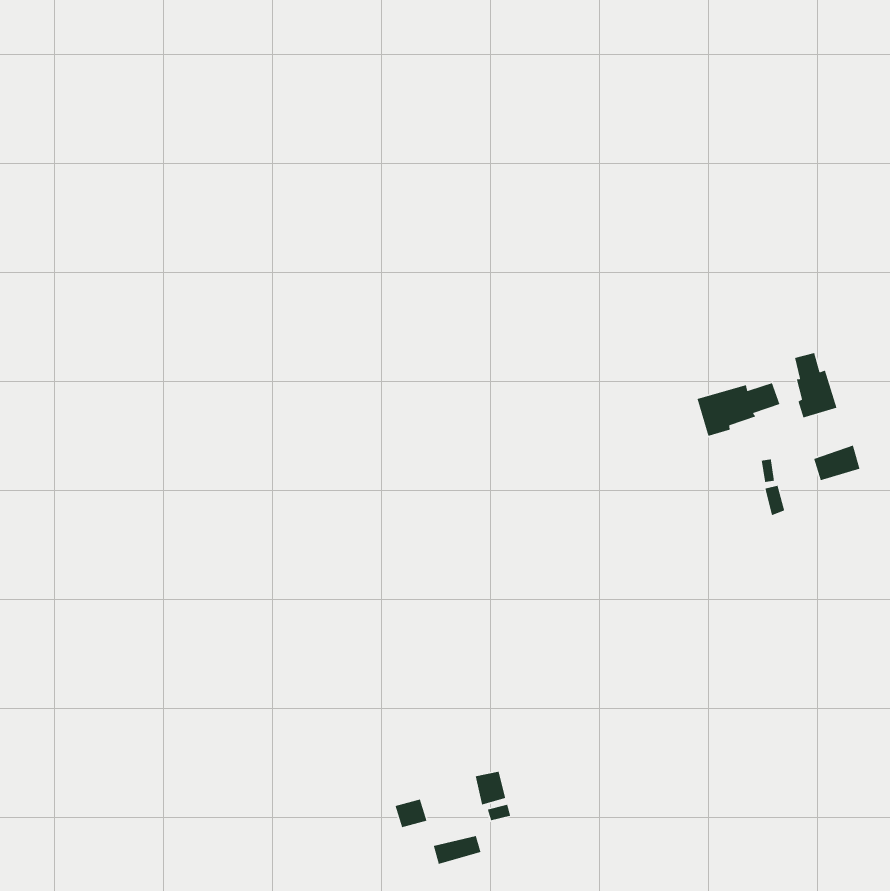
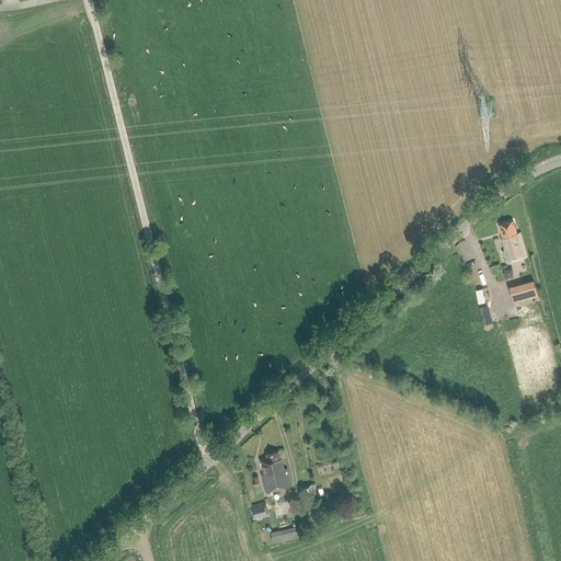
building: [696,382,780,437] -> none
building: none -> [259,451,290,493]

